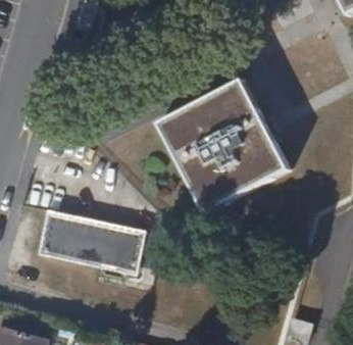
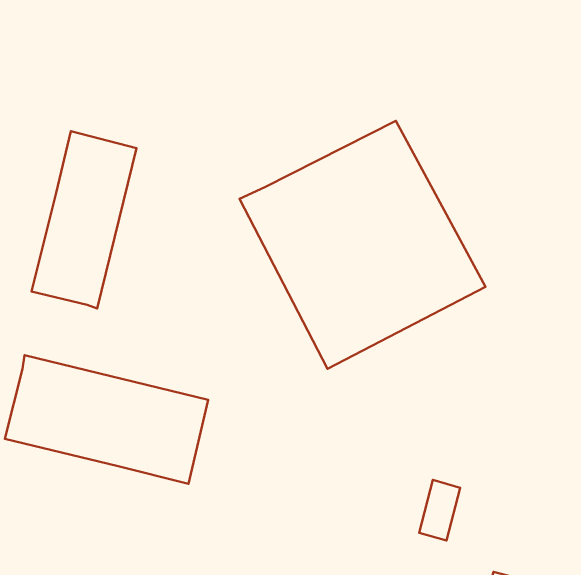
building: none -> [32,131,136,309]

